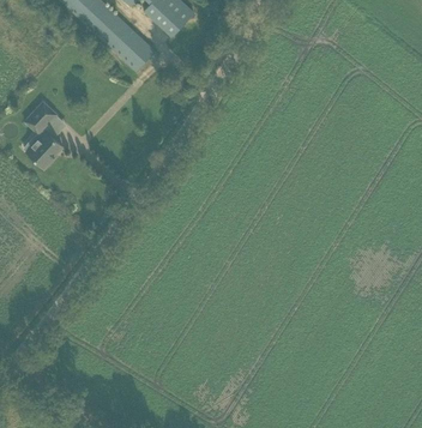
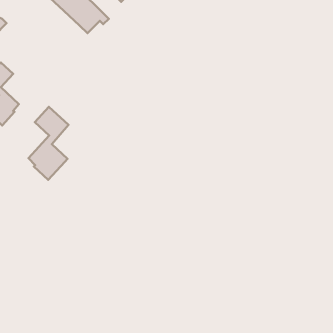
building: none -> [28,107,69,180]

